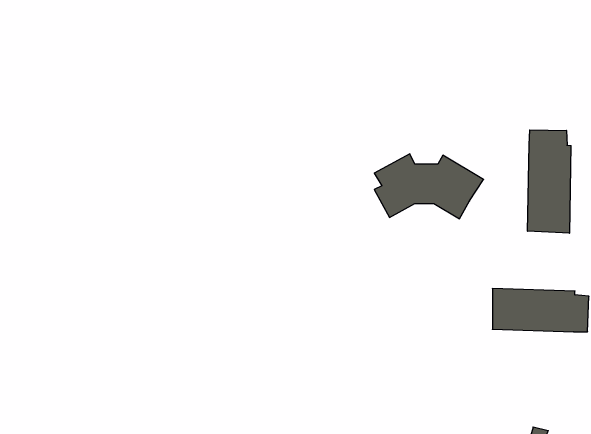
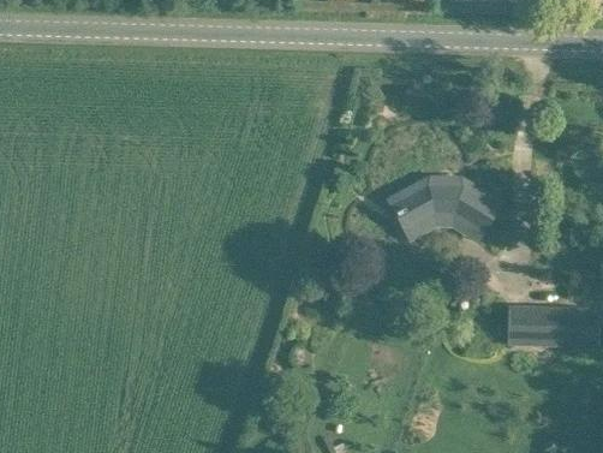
building: [528,130,571,233] -> none

